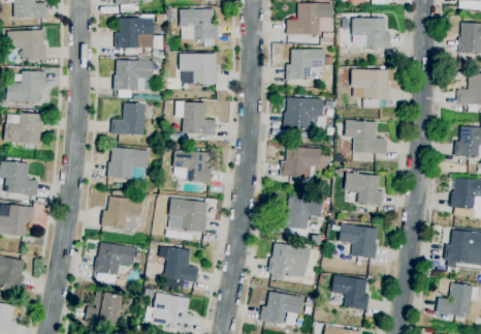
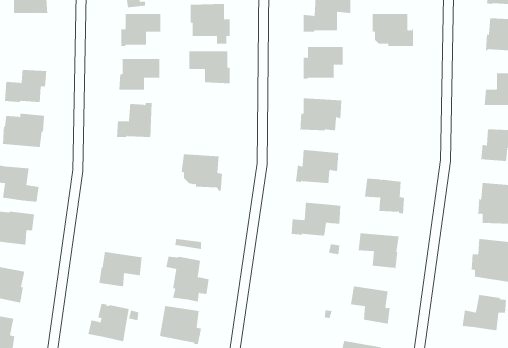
building: [7,30,46,61] -> none
building: [352,69,390,109] -> none
building: [175,100,217,134] -> none
building: [344,120,388,160] -> none
building: [107,147,149,180] -> none
building: [102,195,143,230] -> none
building: [169,198,207,232] -> none
building: [268,243,311,276] -> none
building: [260,292,302,324] -> none

